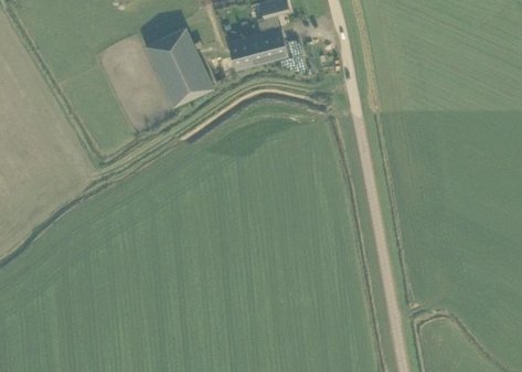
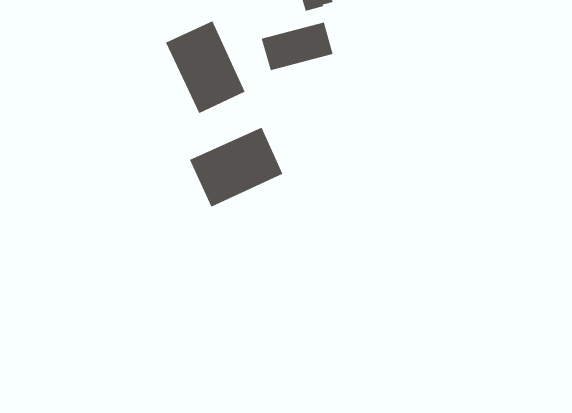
building: none -> [189,127,283,208]

